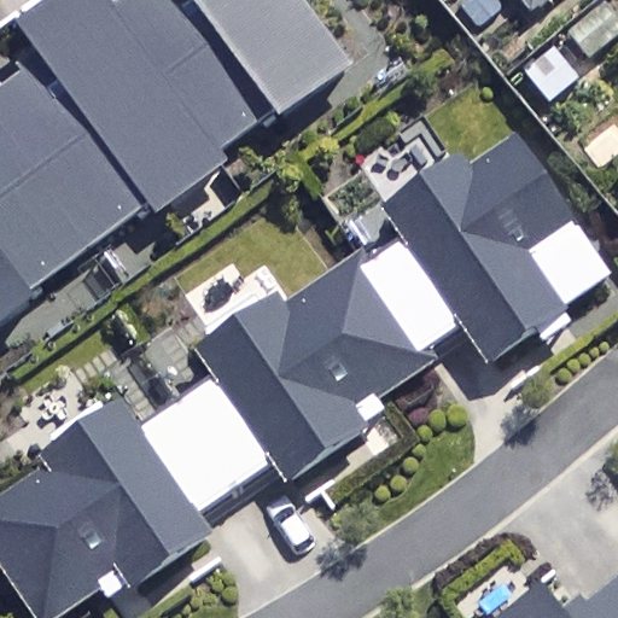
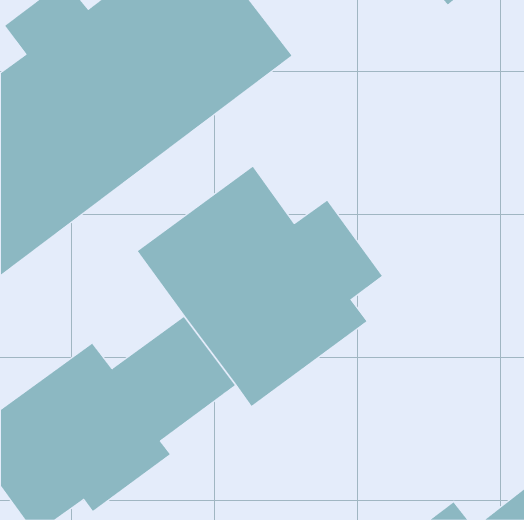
building: [378,123,604,360] -> none

